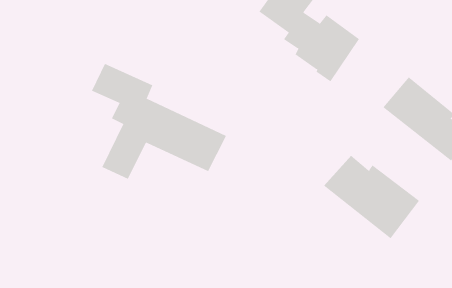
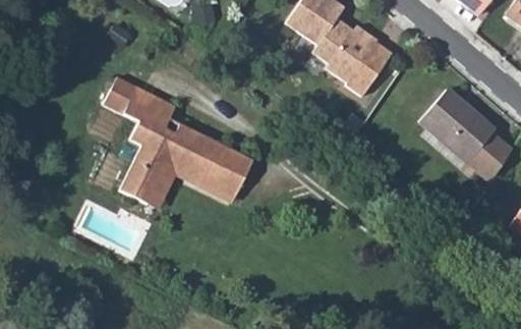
building: [323,155,420,239] -> none

